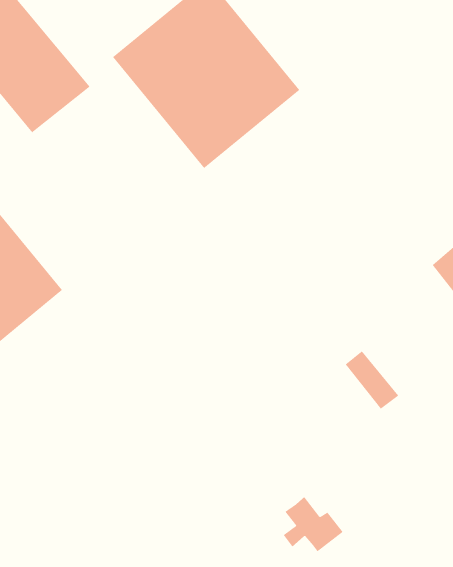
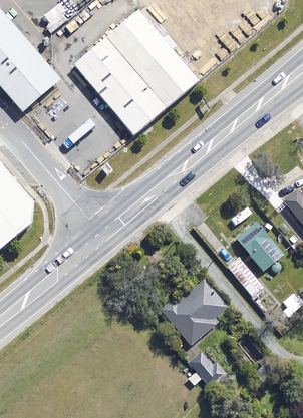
building: none -> [233,217,281,267]
building: none -> [160,274,225,341]

